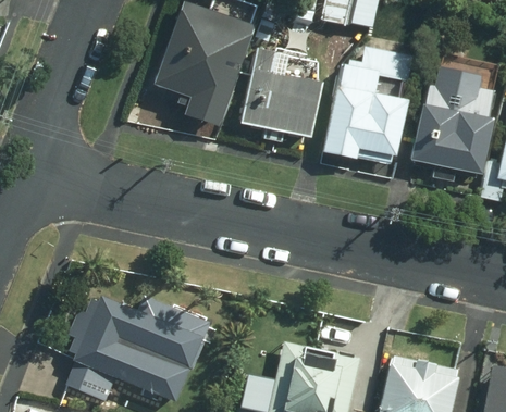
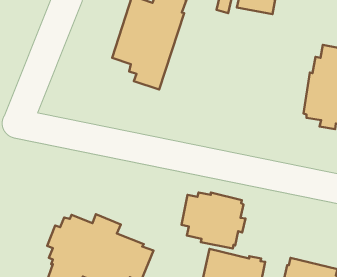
building: [240,45,321,141] -> none
building: [323,47,415,159] -> none
building: none -> [182,192,246,249]

